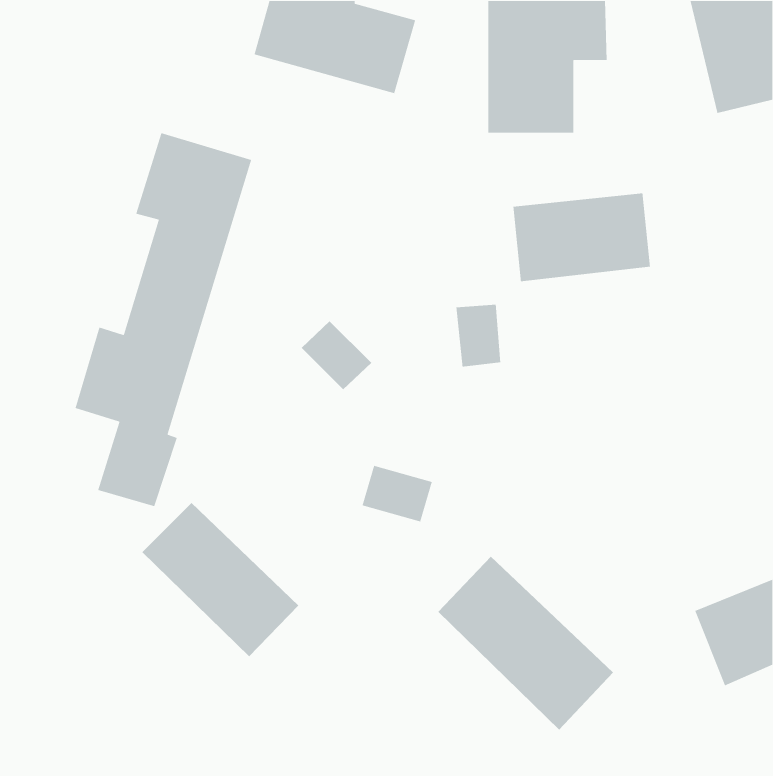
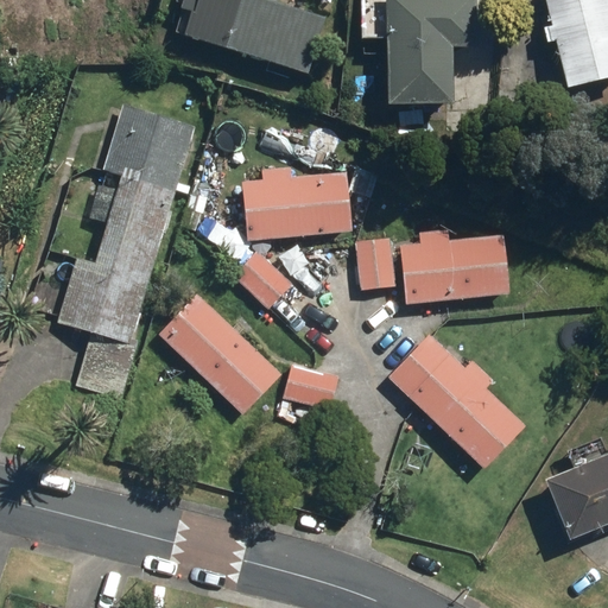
building: [513,193,651,282] -> [400,233,508,303]
building: none -> [242,171,353,240]
building: [141,502,299,657] -> [158,292,281,413]
building: [438,556,614,730] -> [387,331,525,468]

